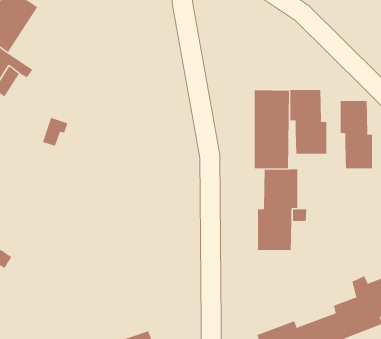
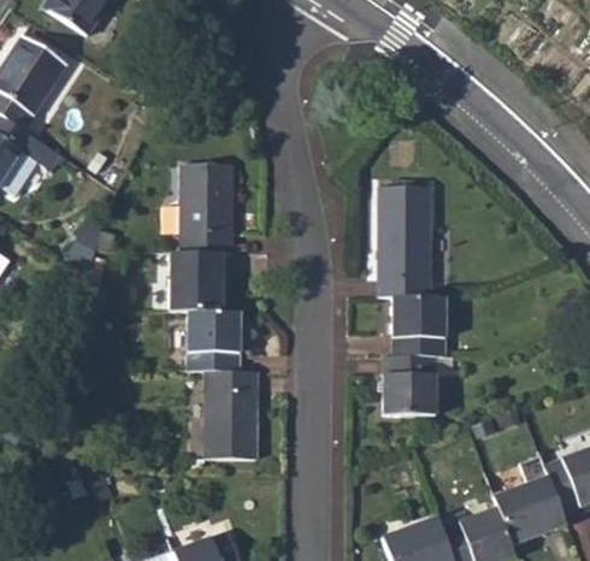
building: none -> [171,165,256,457]
building: [290,89,327,154] -> none
building: [340,100,372,169] -> none

